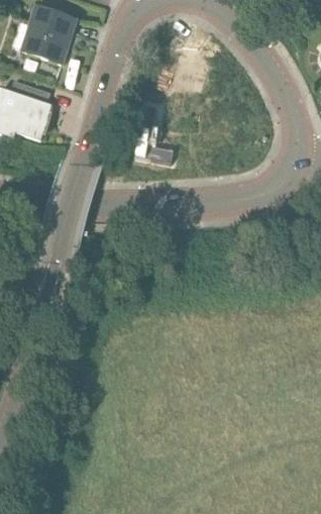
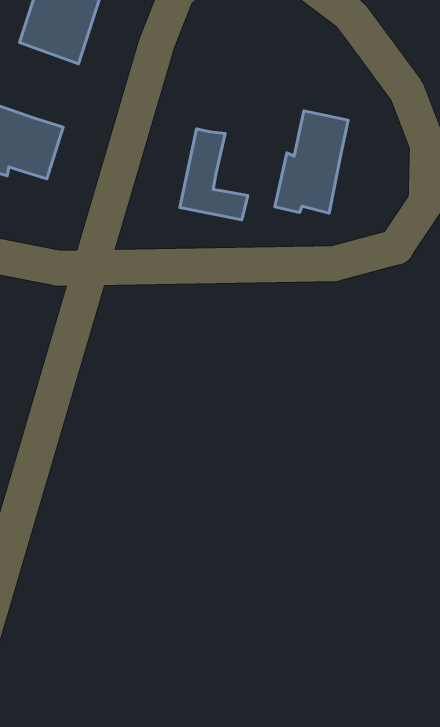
building: none -> [275,111,348,213]

